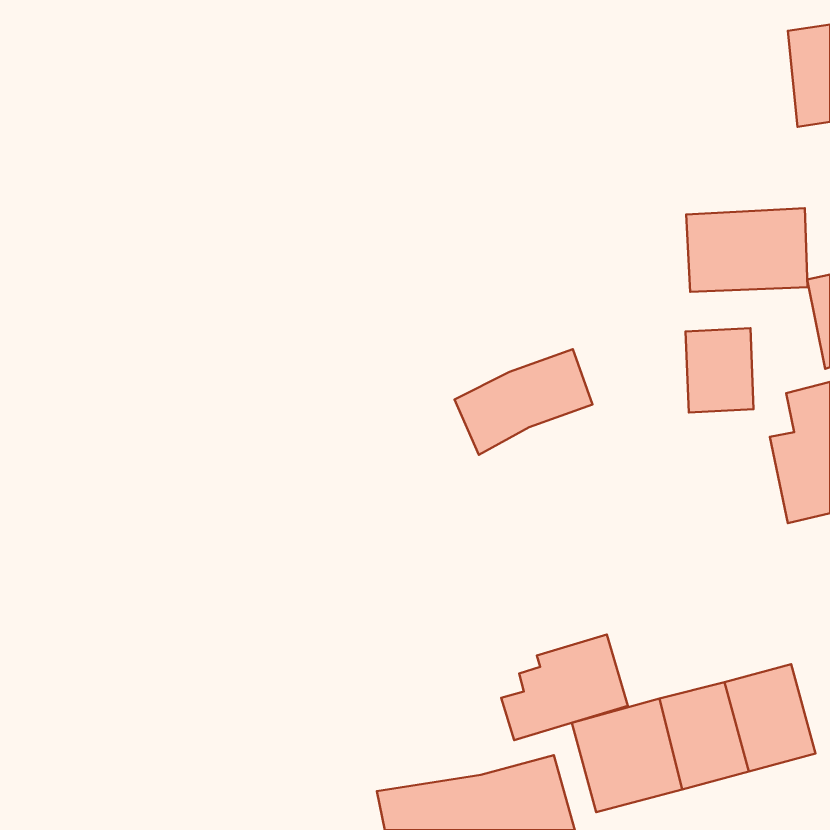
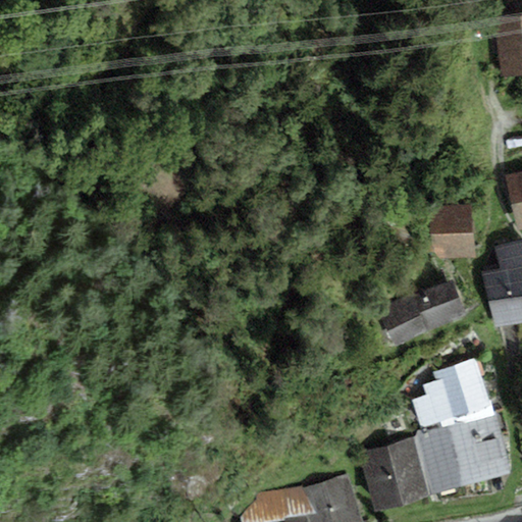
building: [686,208,808,292] -> none
building: [454,349,592,455] -> [379,280,466,347]
building: [501,634,628,740] -> [412,361,491,427]

